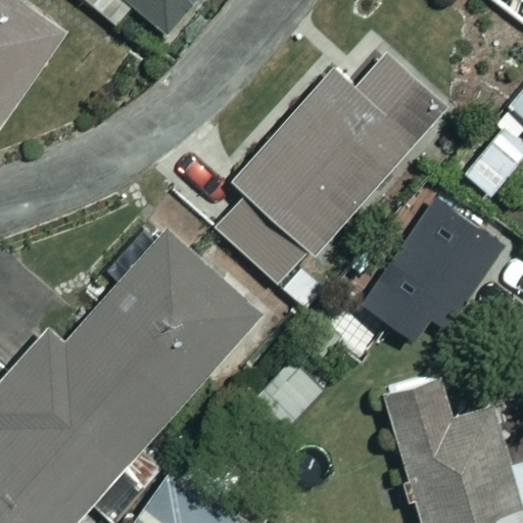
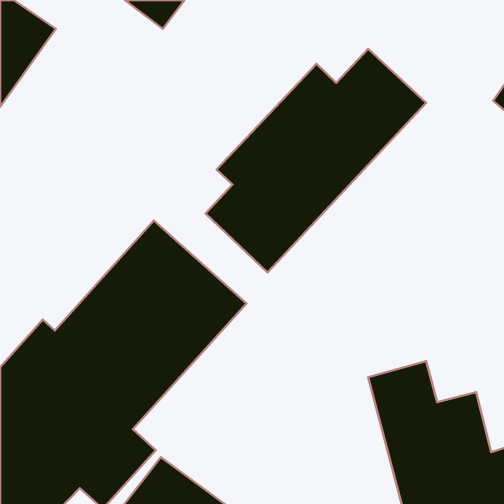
building: [376,195,503,328] -> none

